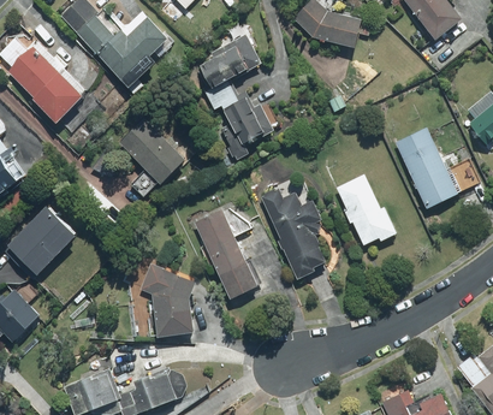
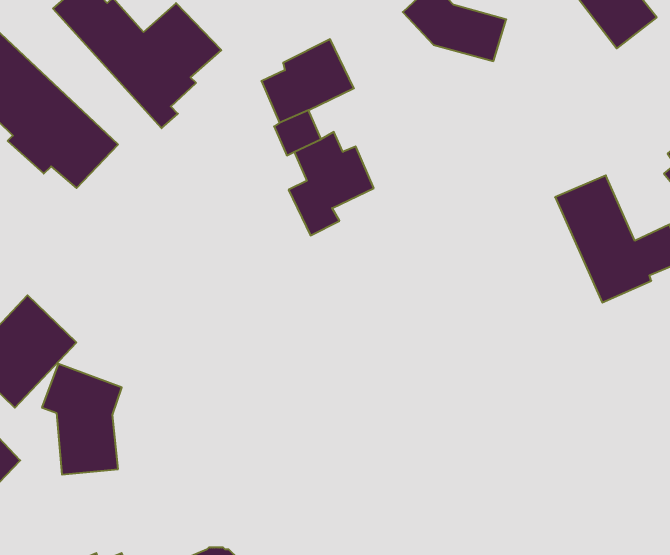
building: [119,118,184,197] -> none
building: [337,174,396,245] -> none
building: [260,188,325,281] -> none
building: [194,208,259,300] -> none
building: [142,265,195,338] -> [42,364,122,475]

